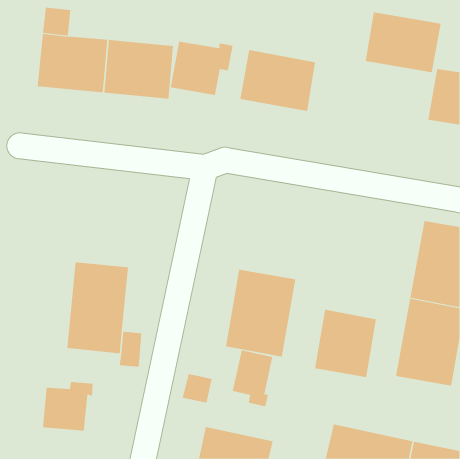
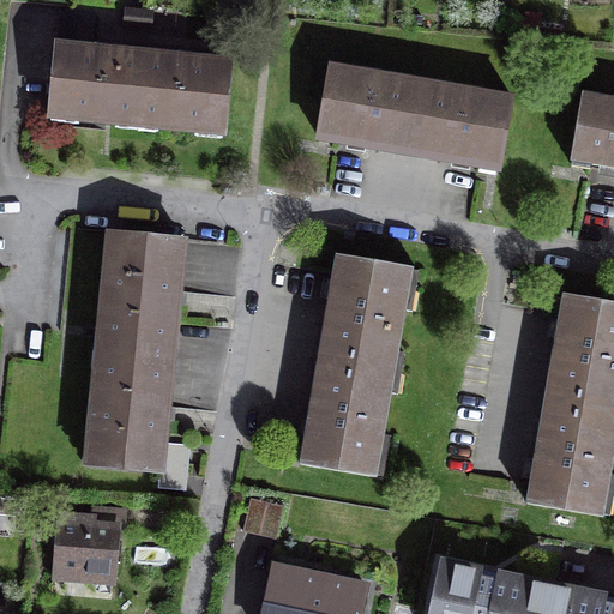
building: [365,12,441,73] -> [410,83,512,164]
building: [170,41,233,96] -> none
building: none -> [100,233,183,356]
building: none -> [318,252,414,372]
building: [314,309,376,378] -> none
building: [232,350,273,407] -> none

